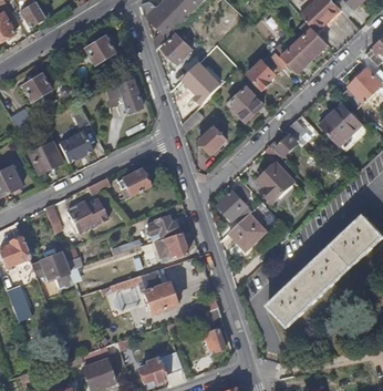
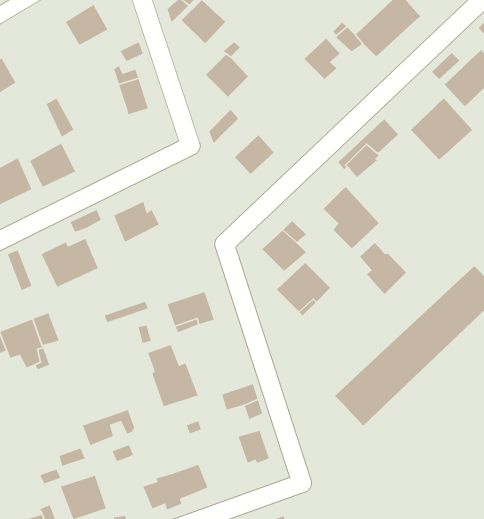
building: [229,86,263,120] -> none
building: none -> [359,242,407,295]
building: [146,216,179,245] -> none
building: [107,276,144,301] -> [82,409,135,446]

